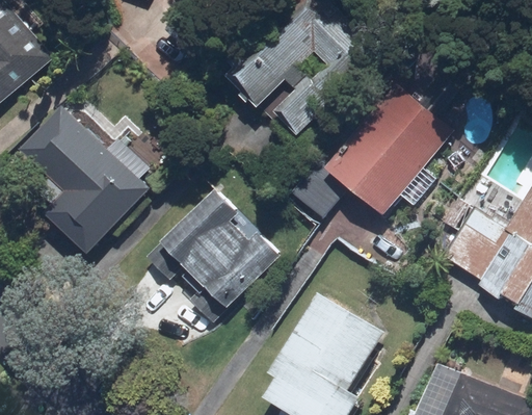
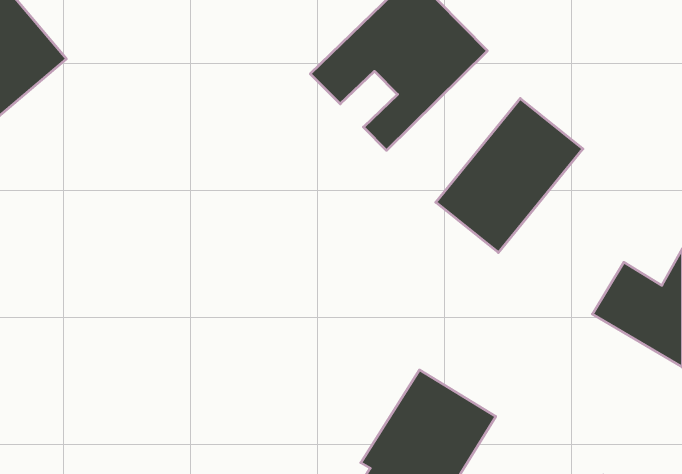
building: [28,110,143,239] -> none
building: [150,197,270,316] -> none

